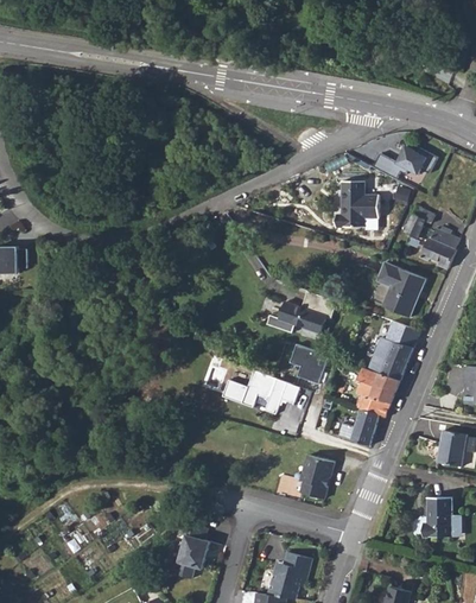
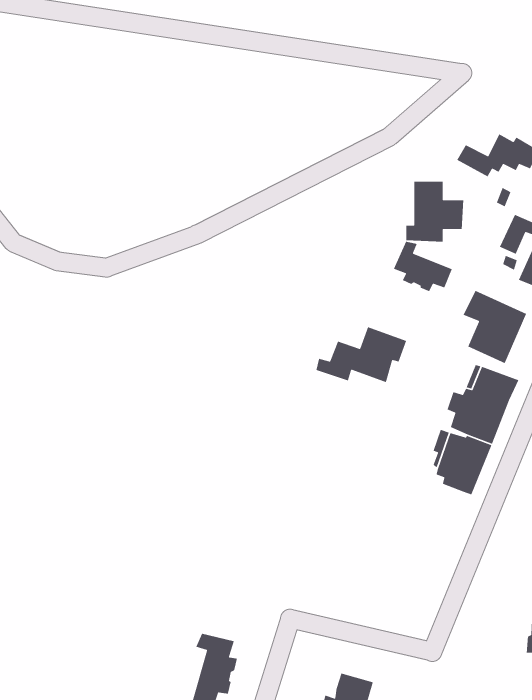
building: none -> [393,241,453,292]
building: [291,343,329,383] -> none
building: [223,372,300,415] -> none
building: [338,408,377,451] -> none
building: [300,455,332,497] -> none

